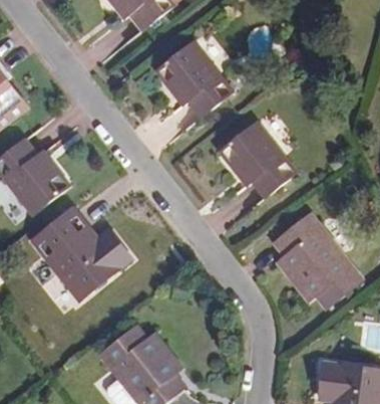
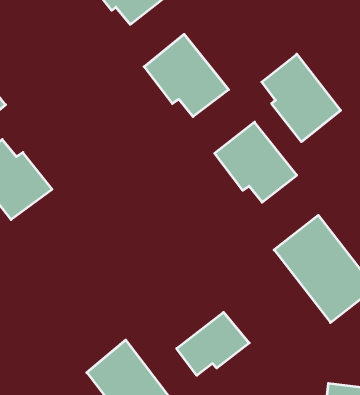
building: none -> [262,54,341,142]
building: [32,208,130,298] -> none
building: none -> [177,312,249,375]

